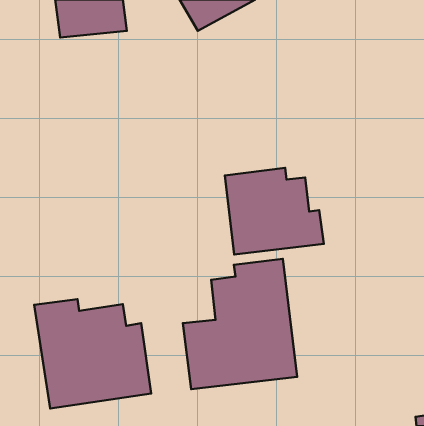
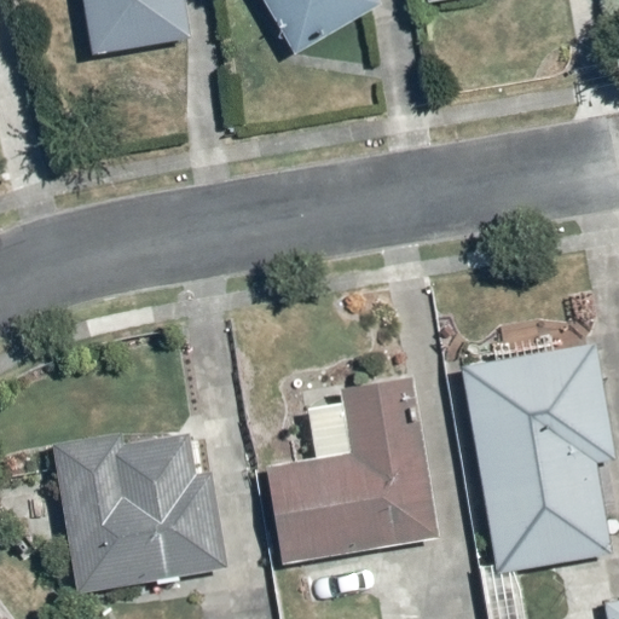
building: [225,168,324,254] -> none
building: none -> [472,351,609,567]

